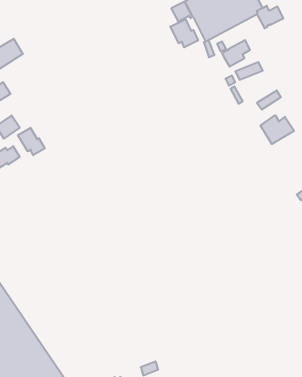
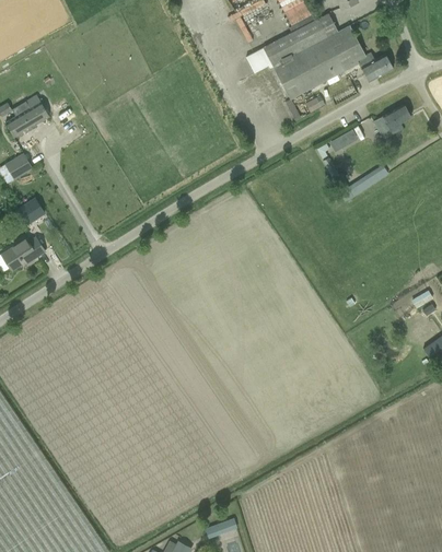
building: [170,19,198,47] -> none
building: [222,40,250,67] -> [372,105,409,140]
building: [260,115,294,144] -> none
building: [18,128,45,155] -> none

